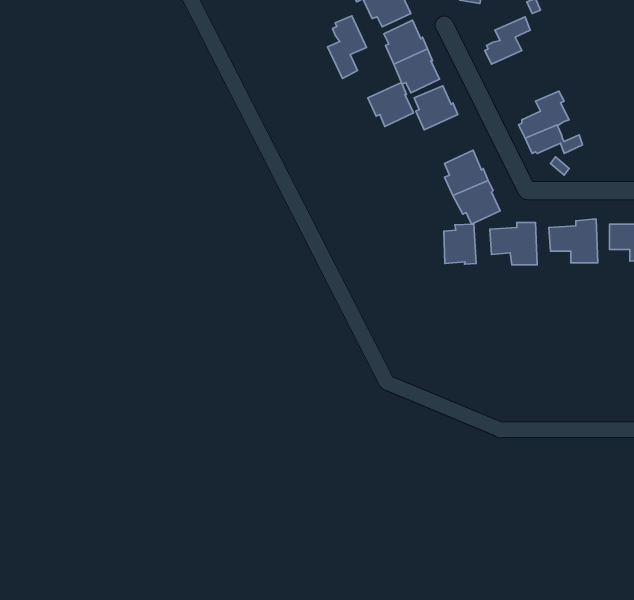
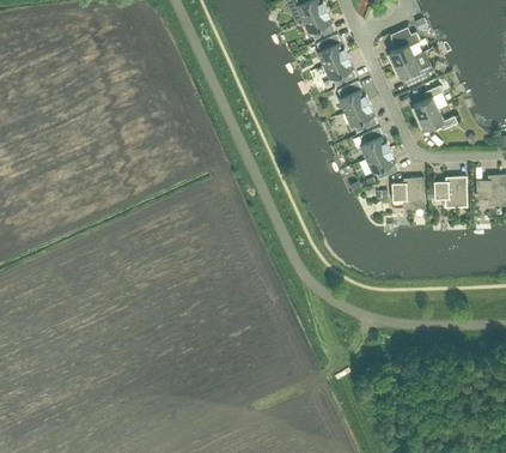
building: [328,16,367,79] -> none
building: none -> [392,52,433,87]
building: [368,83,413,126] -> [345,102,377,133]
building: [444,224,476,264] -> none

